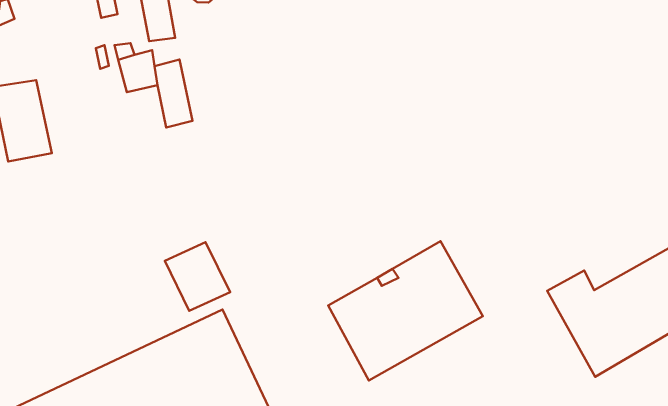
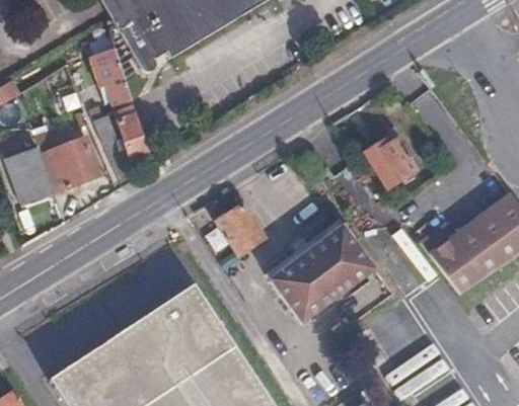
building: none -> [33,130,100,190]
building: none -> [365,131,418,185]
building: [165,242,230,311] -> [218,202,268,253]

